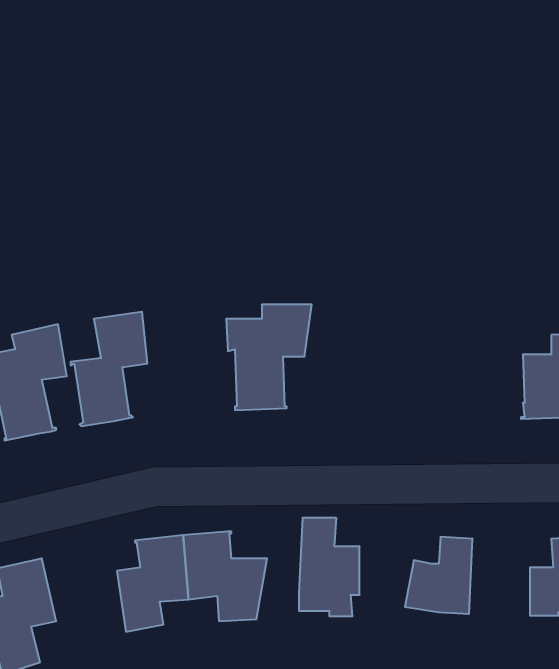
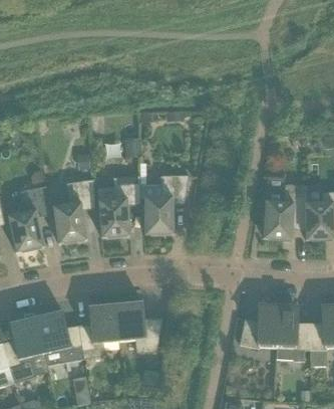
building: none -> [96,175,140,236]
building: none -> [263,183,307,238]
building: [299,518,360,616] -> [276,305,310,361]
building: none -> [36,311,83,365]

